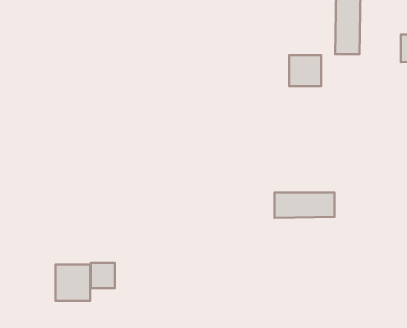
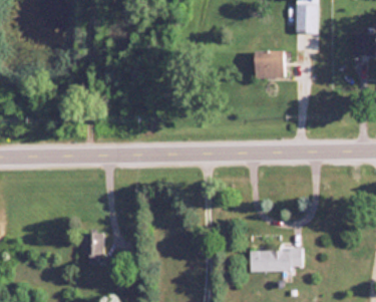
building: [274,193,334,218] -> [251,249,303,271]
building: [55,264,90,301] -> none

